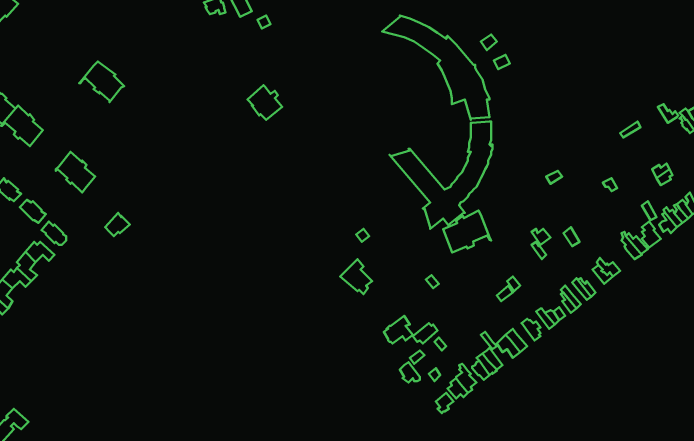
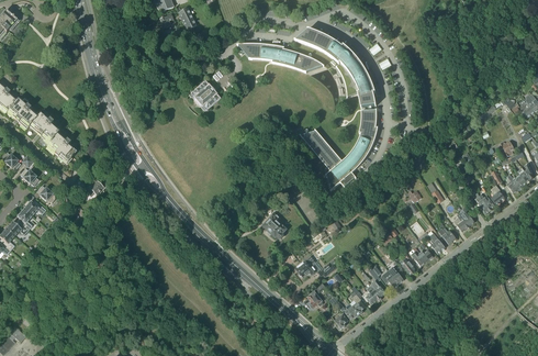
building: none -> [237,43,324,73]
building: [79,61,124,102] -> [26,112,60,143]
building: [443,211,491,252] -> none

